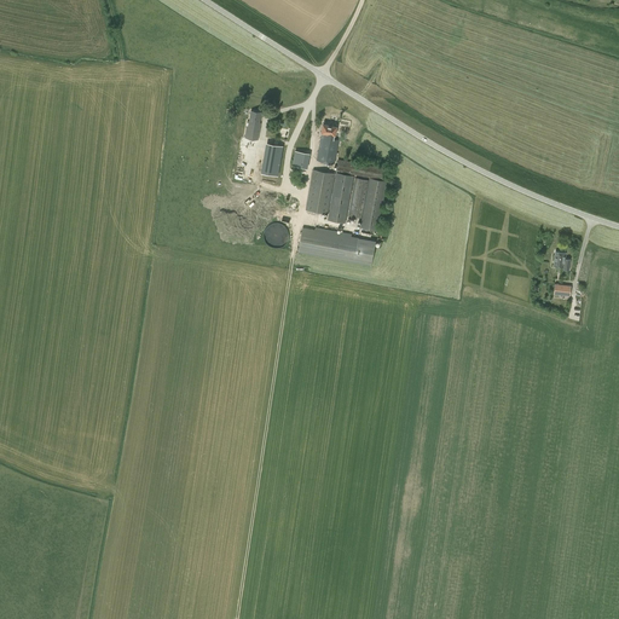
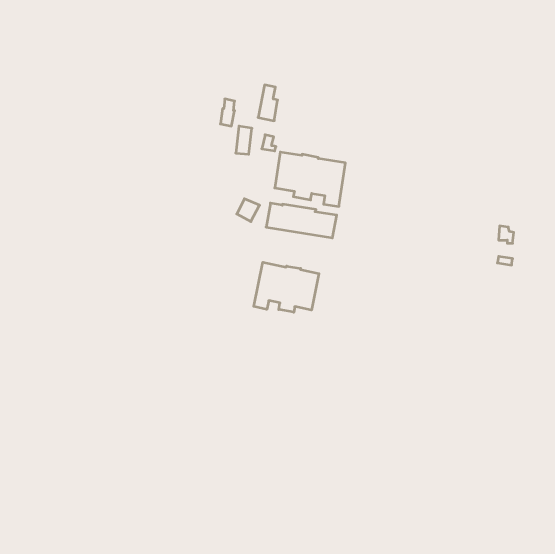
building: [317,125,339,164] -> [258,85,278,121]
building: none -> [254,262,319,312]

